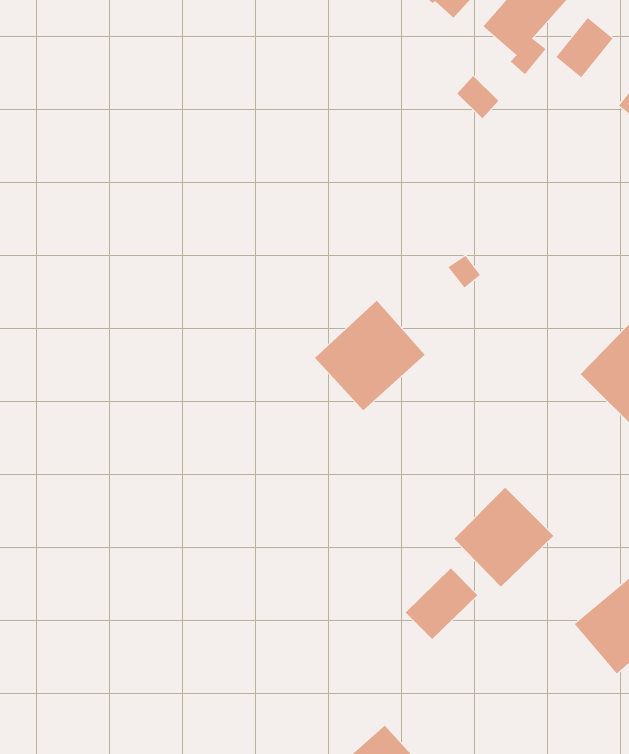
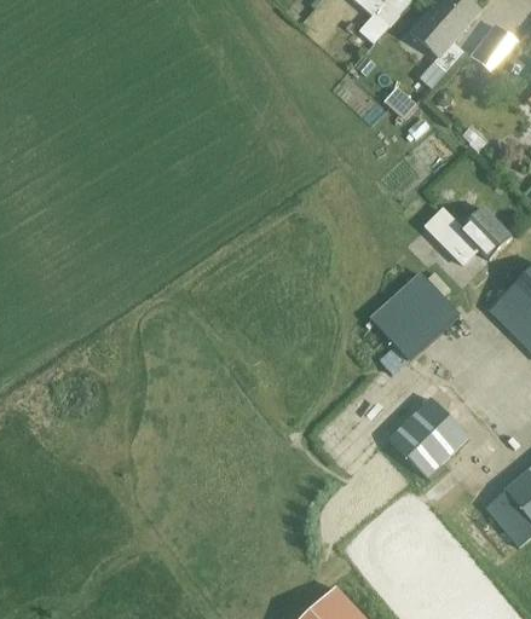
building: none -> [437,207,509,259]
building: [314,300,426,411] -> [370,272,458,360]
building: [405,568,478,640] -> none

